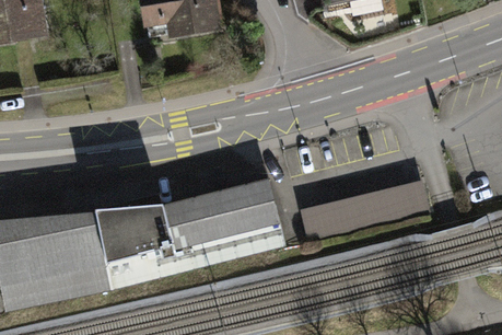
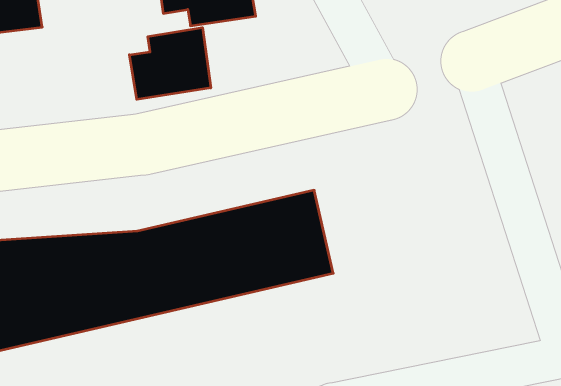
building: none -> [129,28,211,99]
building: [297,176,427,235] -> none

